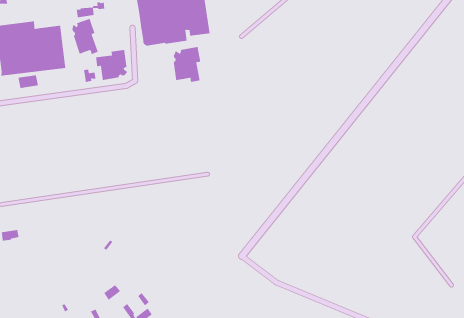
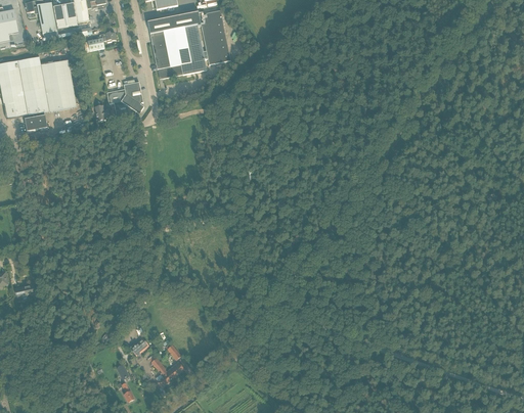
building: [72,18,99,55] -> none
building: [173,46,201,83] -> none

